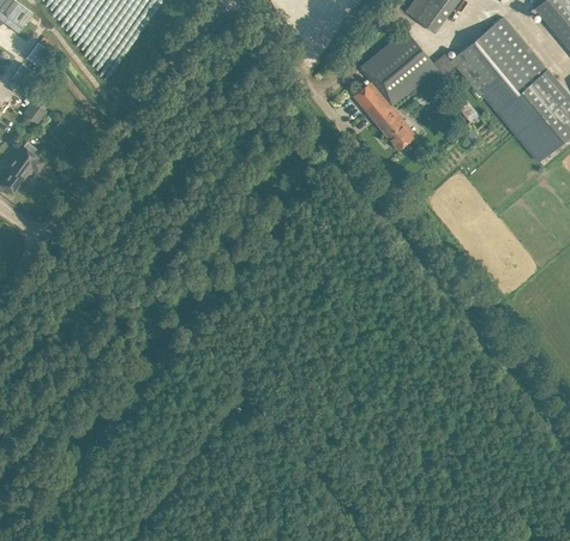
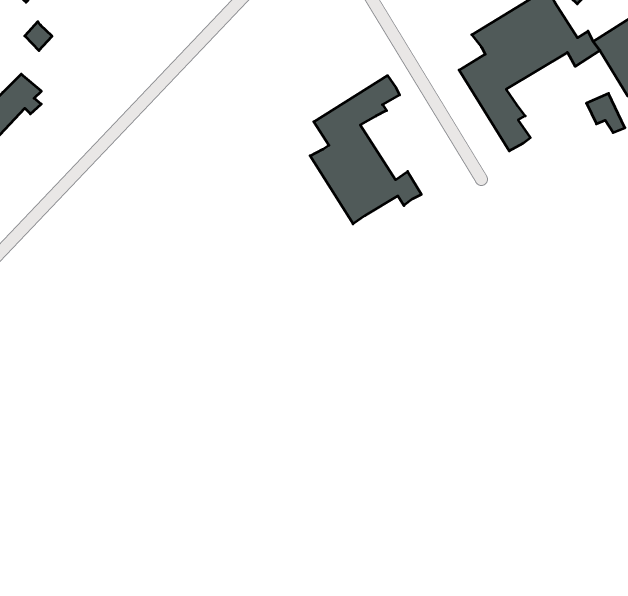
building: none -> [310,76,421,224]

